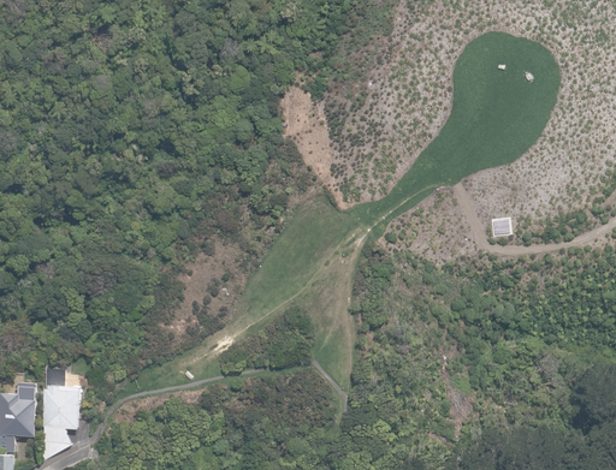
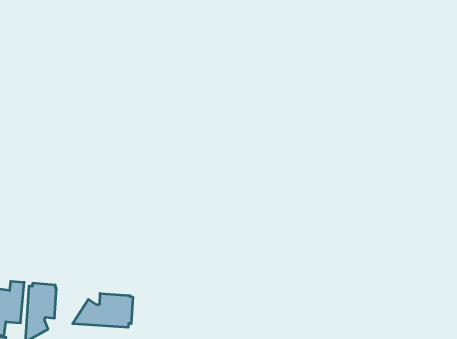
building: none -> [73,293,133,327]

